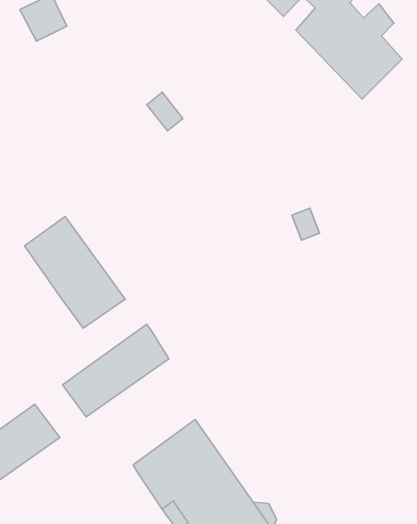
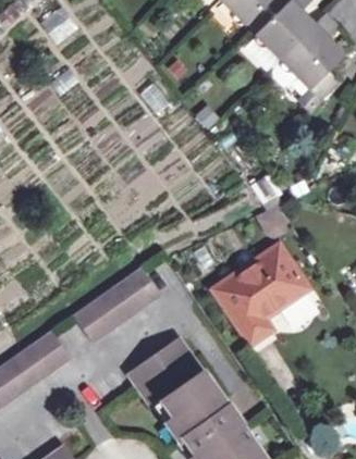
building: [25,217,125,328] -> none
building: none -> [217,252,311,349]

